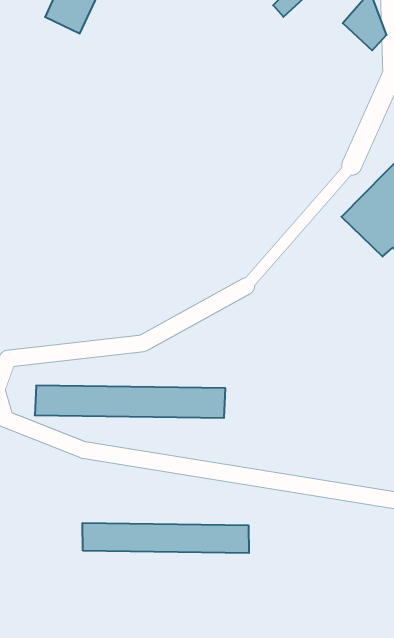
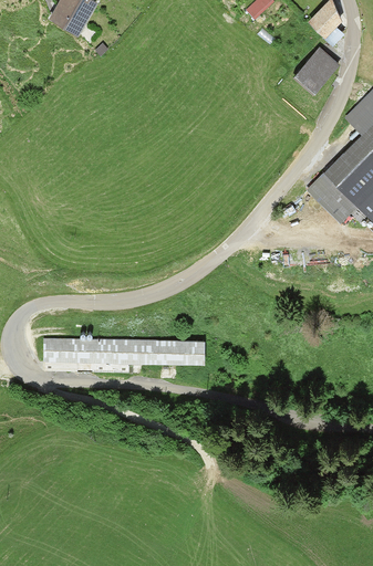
building: none -> [294,50,340,96]
building: [83,523,249,553] -> none

